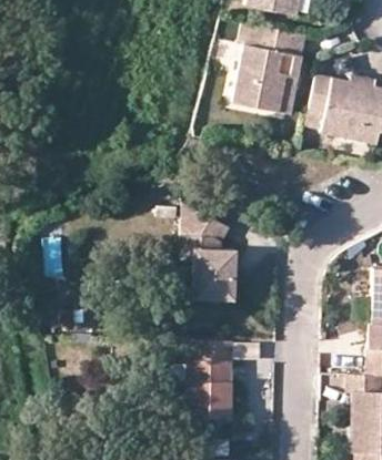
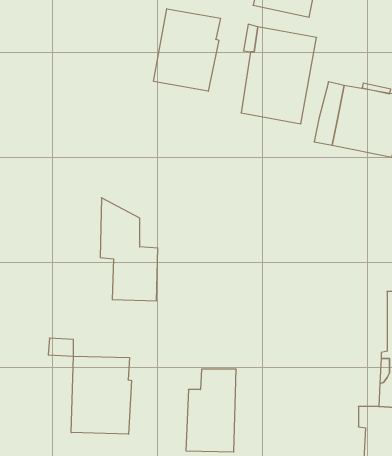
building: none -> [154,9,220,91]
building: [181,205,234,300] -> [100,198,158,301]
building: none -> [71,356,131,434]

